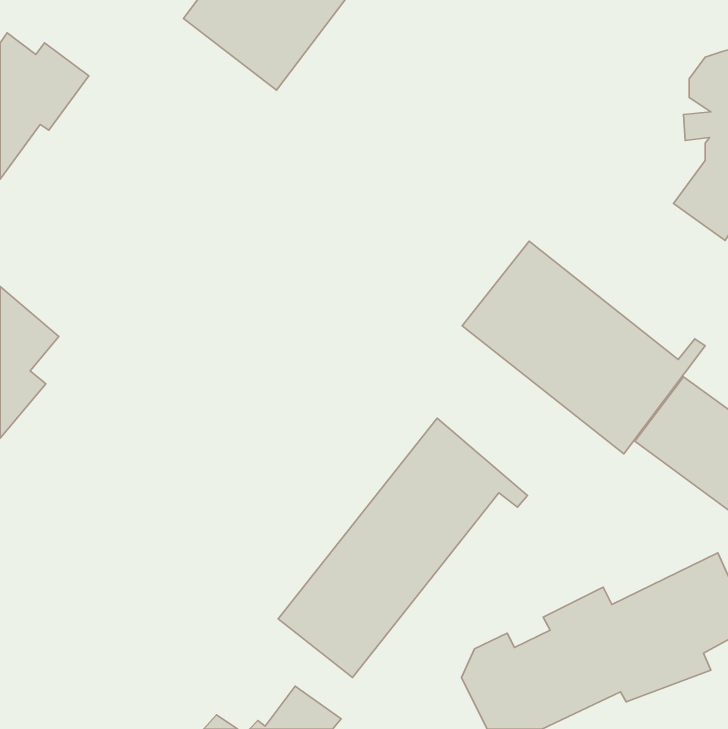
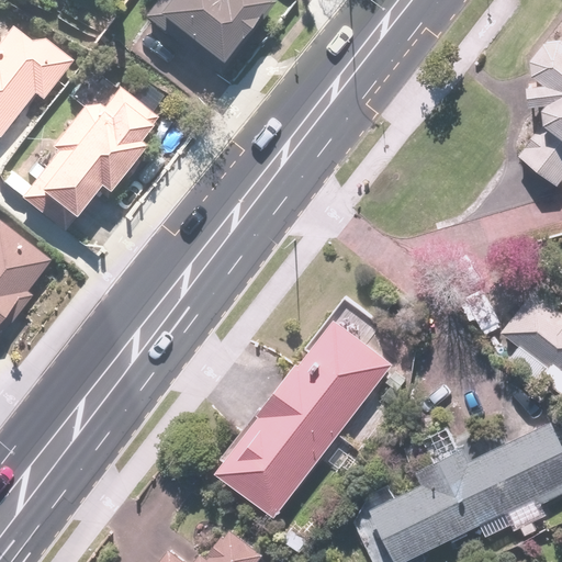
building: none -> [19,71,164,228]
building: [462,241,705,454] -> none

